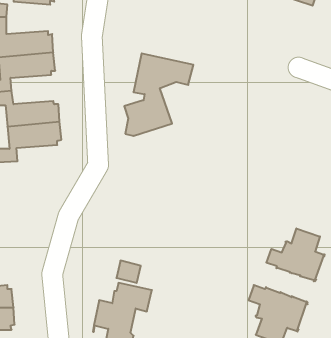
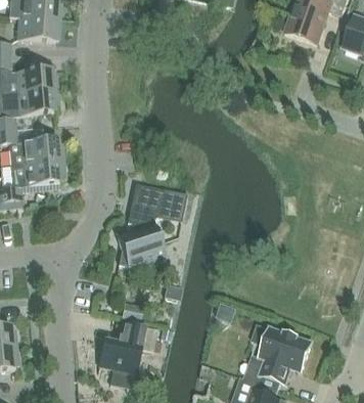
building: [124,53,193,136] -> [117,183,186,266]
building: [266,228,325,281] -> none

